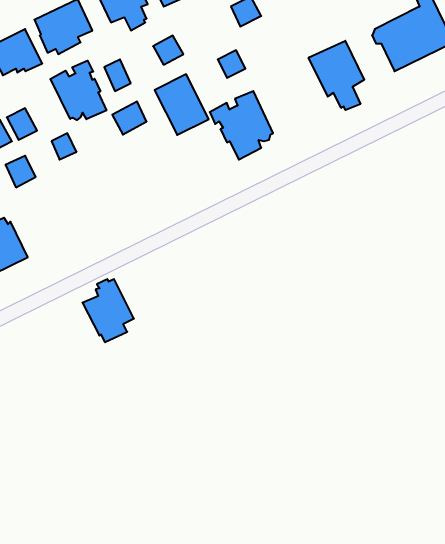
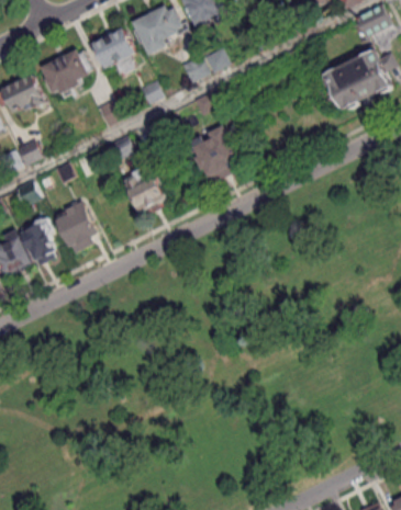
building: none -> [180,55,209,83]
building: [309,41,364,110] -> none
building: [50,61,106,120] -> none
building: [155,74,209,135] -> [121,163,166,214]
building: none -> [19,217,55,265]
building: [82,279,134,342] -> [54,201,97,253]

